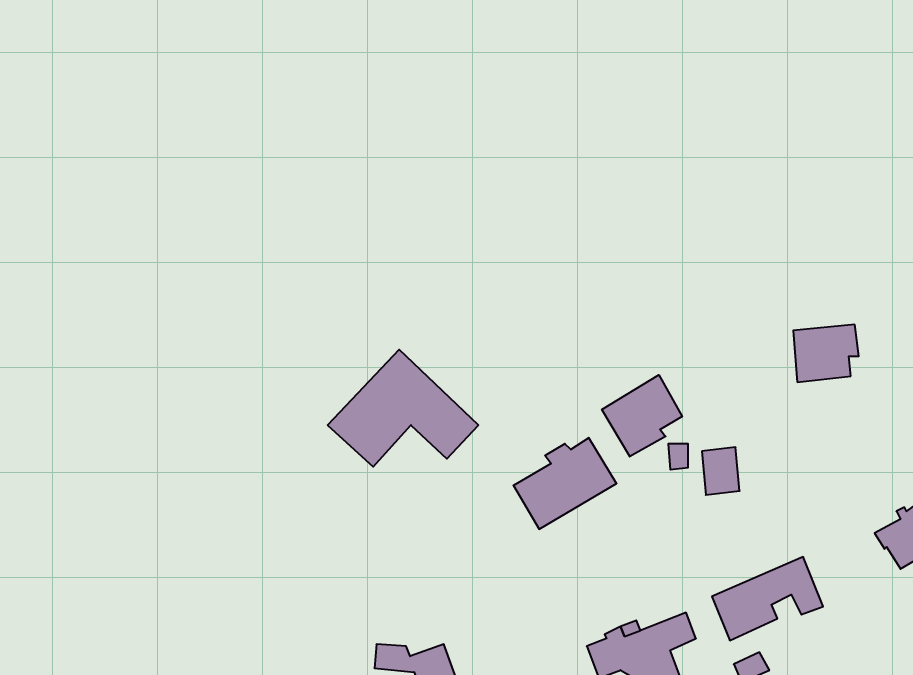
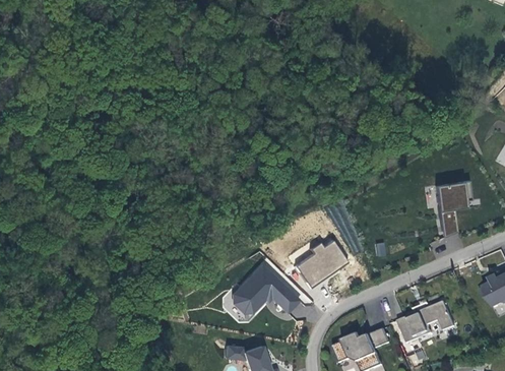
building: [328,350,478,467] -> [228,259,305,319]
building: [602,375,682,457] -> none
building: [702,447,740,495] -> [438,211,457,236]

